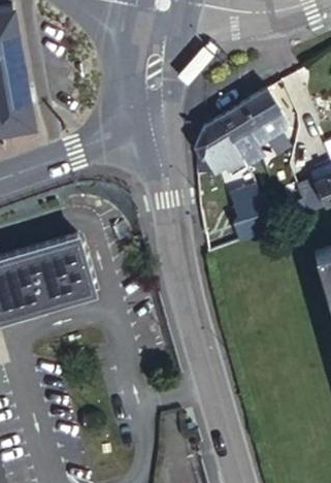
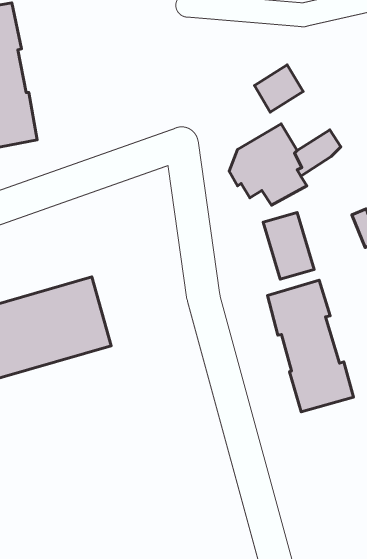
building: [239,92,280,132] -> [254,65,303,112]
building: none -> [268,280,353,412]

